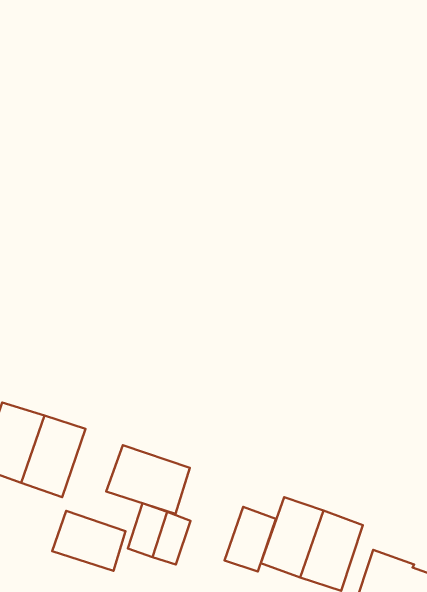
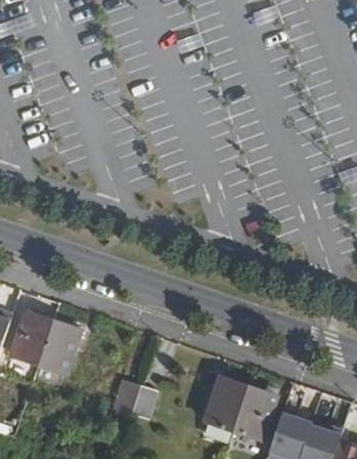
building: [106,445,190,514] -> none
building: [224,507,276,571] -> none
building: [52,511,125,571] -> none

